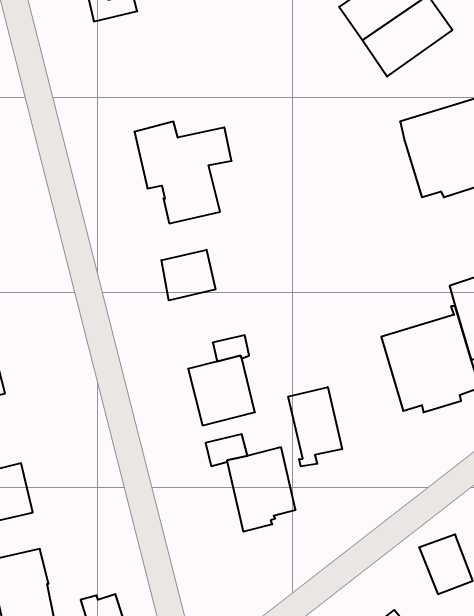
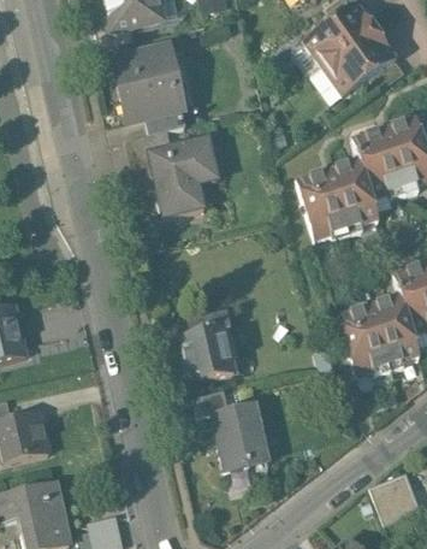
building: none -> [119,49,183,122]
building: none -> [298,148,381,236]
building: [161,250,216,300] -> none
building: [288,387,342,466] -> none

